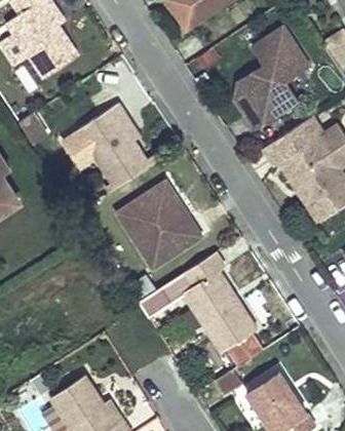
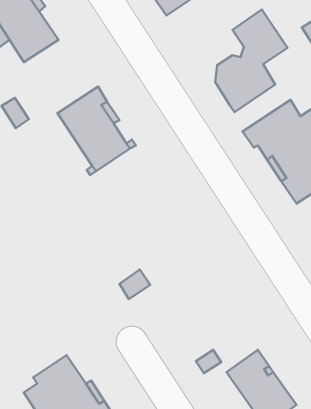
building: [115,182,201,270] -> none
building: [182,252,257,353] -> none

